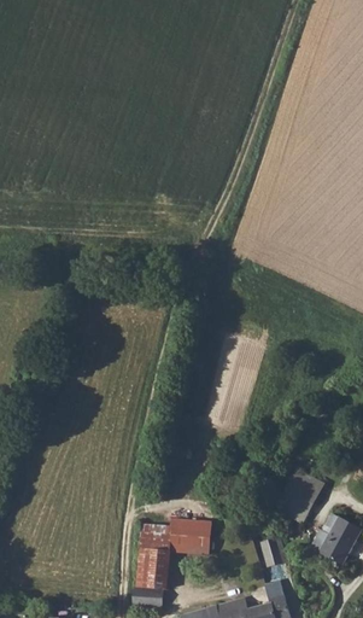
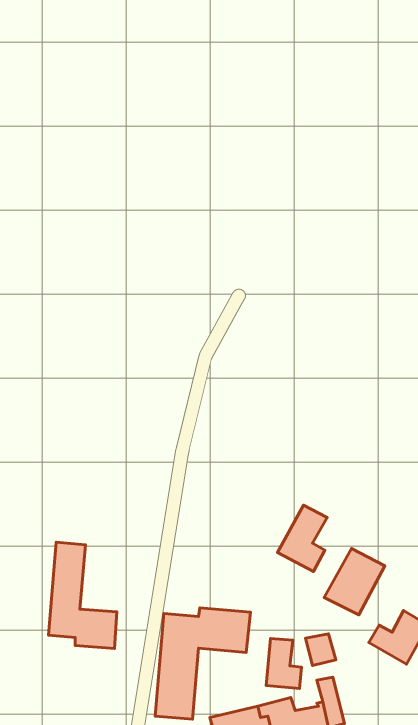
building: none -> [278,505,327,572]
building: none -> [48,542,117,649]
building: none -> [266,639,301,688]

